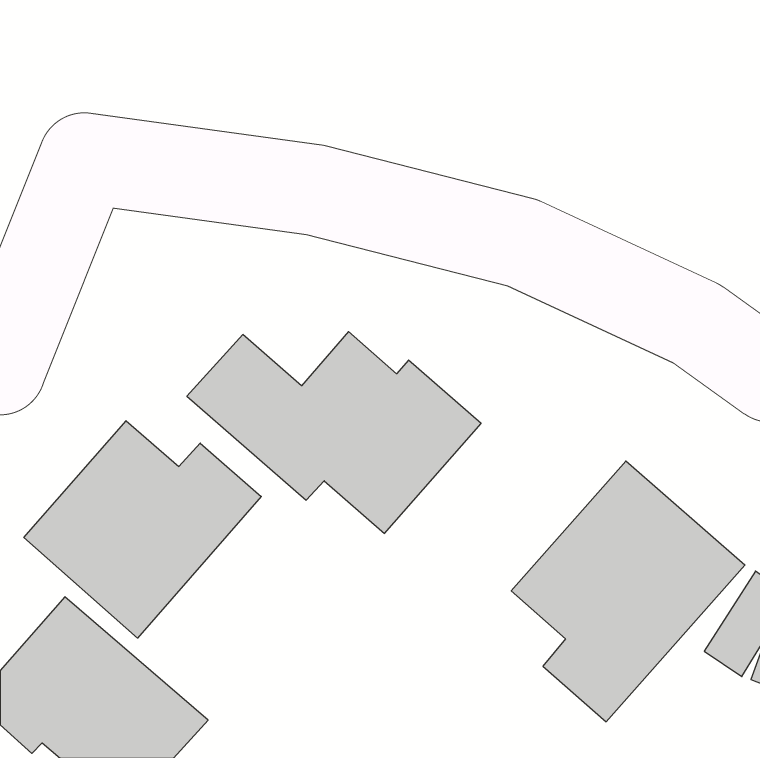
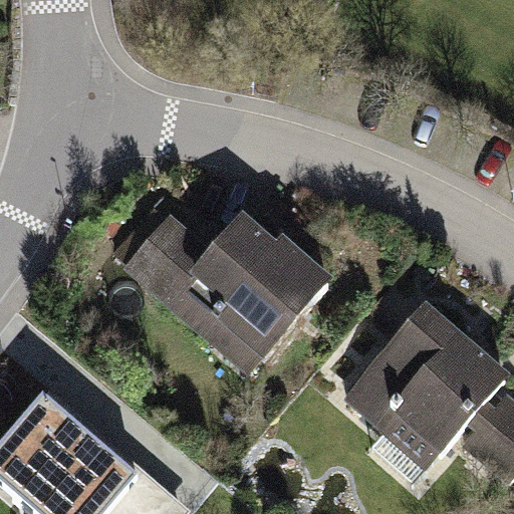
building: [24,421,261,638] -> none

